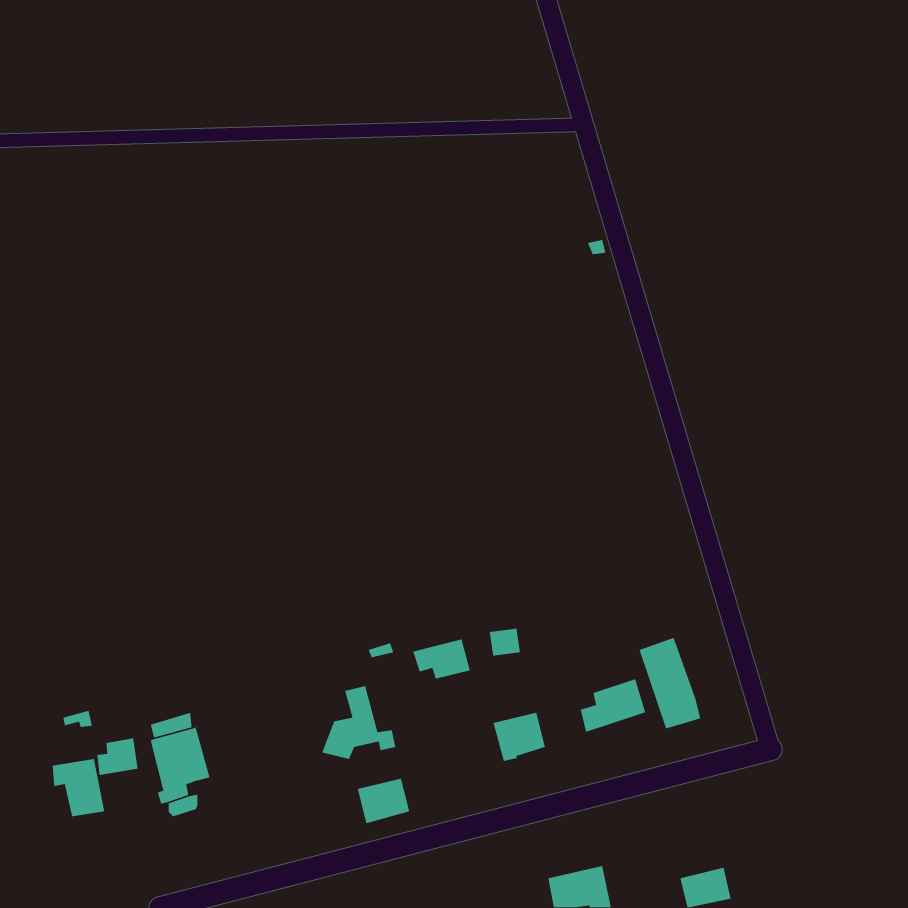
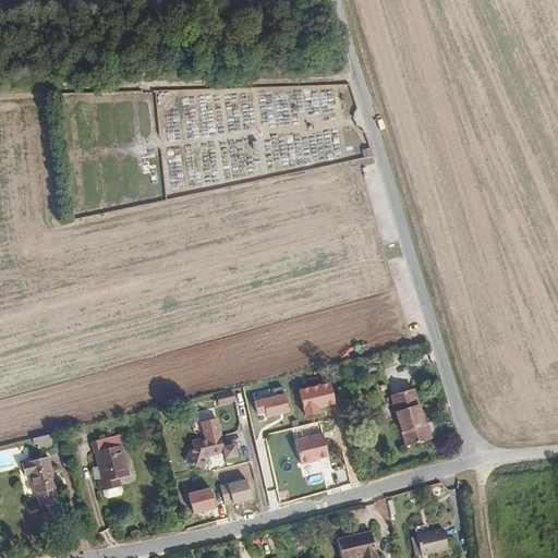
building: [580,678,646,733] -> none
building: [97,738,139,776] -> none
building: none -> [185,484,215,511]

